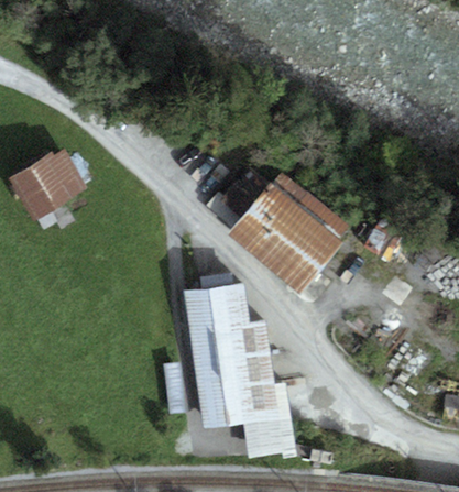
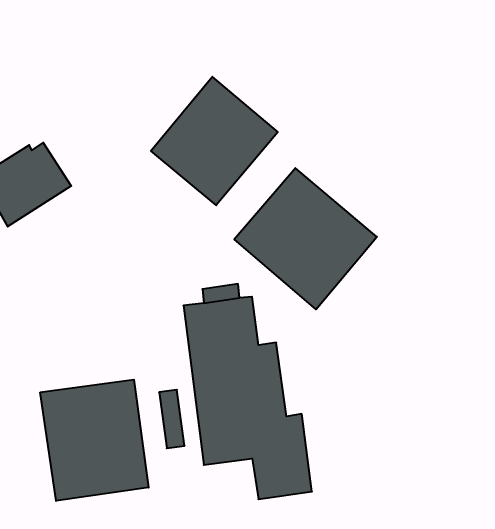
building: none -> [151,77,278,205]
building: none -> [40,380,149,501]

